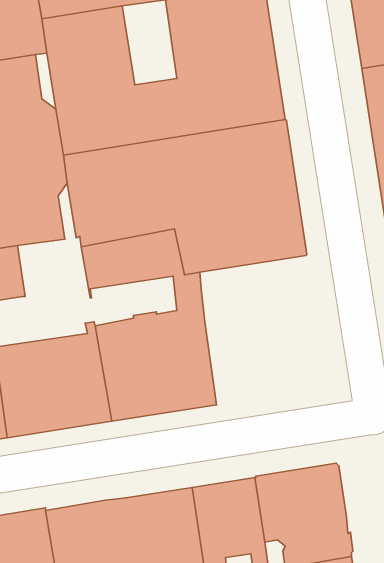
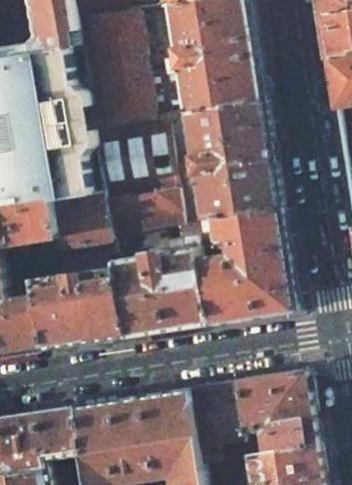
building: none -> [49,191,106,249]
building: none -> [193,206,292,324]

